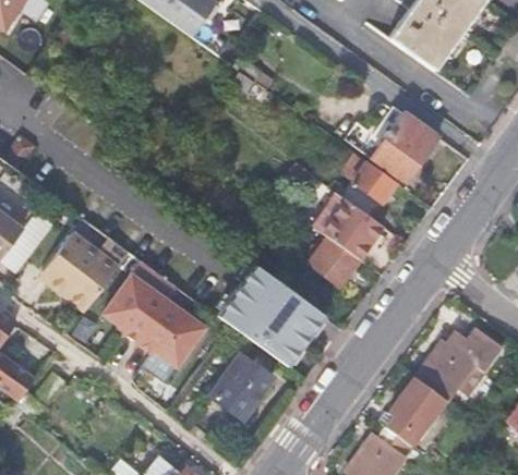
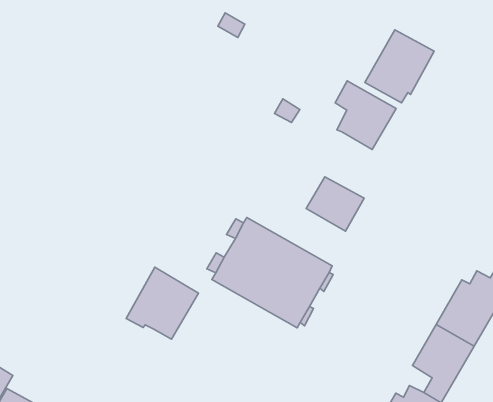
building: [312,191,385,259] -> none
building: [46,232,121,312] -> none
building: [104,273,169,342] -> none
building: [209,353,273,421] -> none

